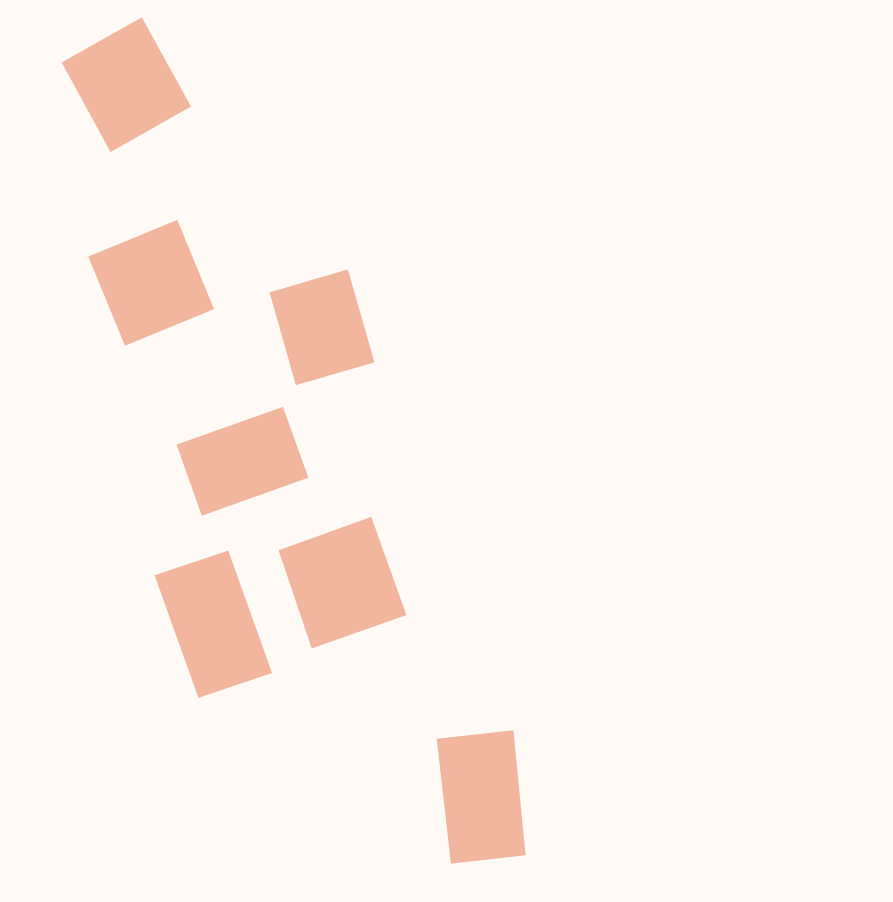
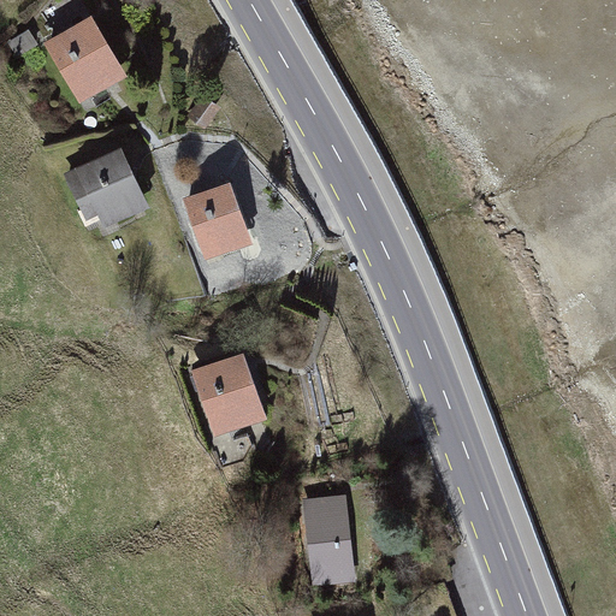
building: [175,406,309,517] -> none
building: [154,550,273,699] -> none

